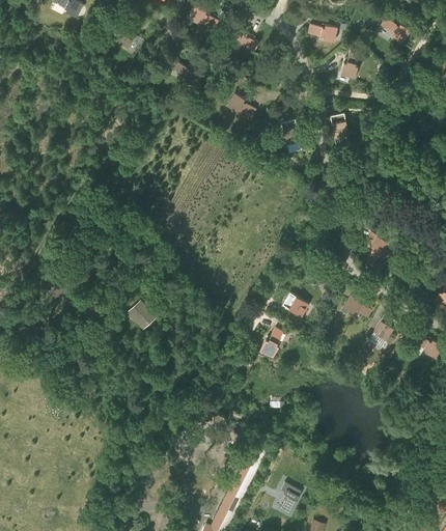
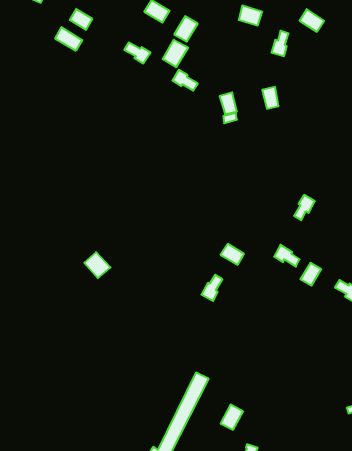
building: none -> [55,27,82,51]
building: none -> [163,40,188,67]

